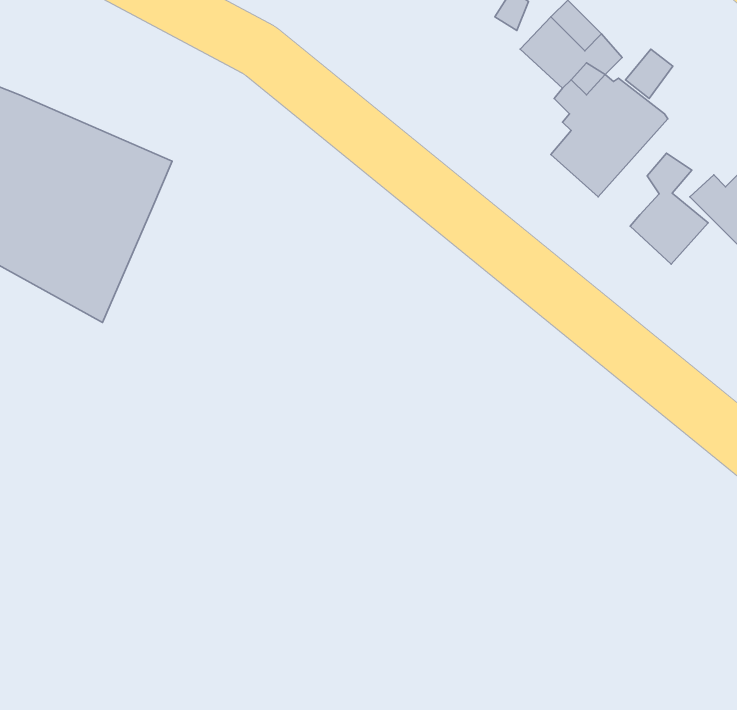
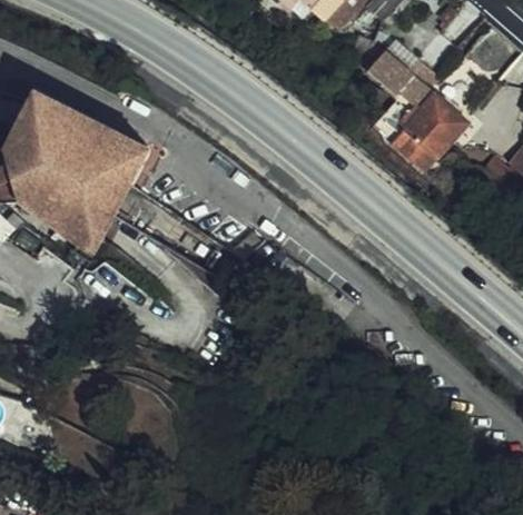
building: [630,153,708,264] -> none

